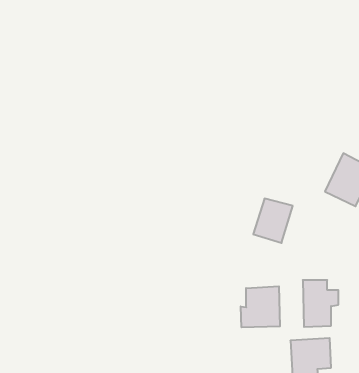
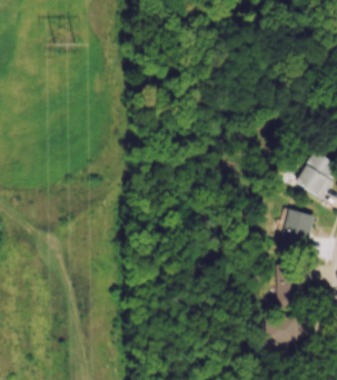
building: [253,199,293,243] -> [279,210,315,250]
building: [241,286,280,327] -> none

